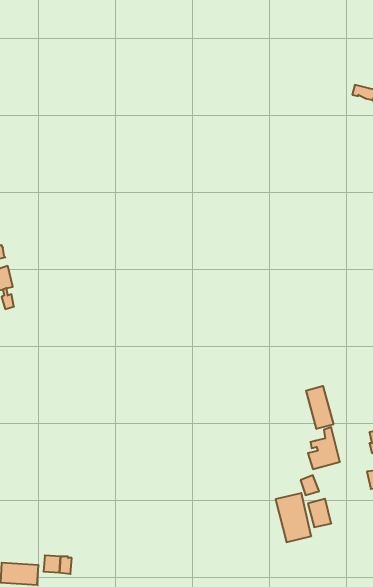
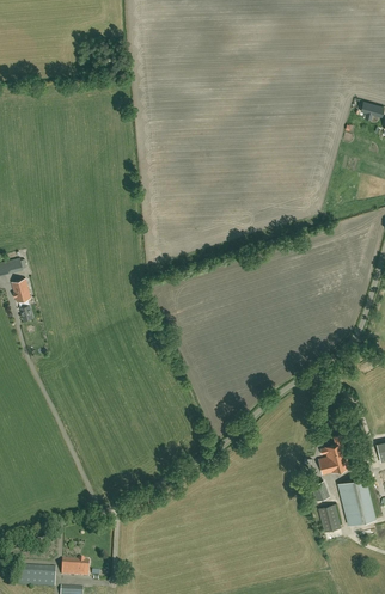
building: [306,386,333,429] -> none
building: [276,493,311,542] -> [338,477,373,525]

